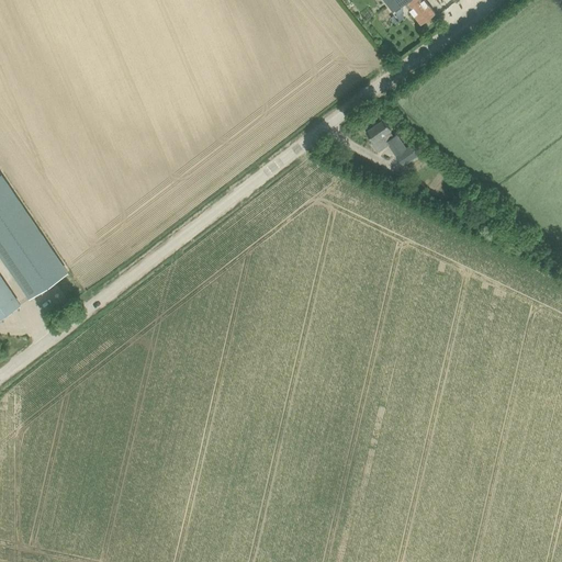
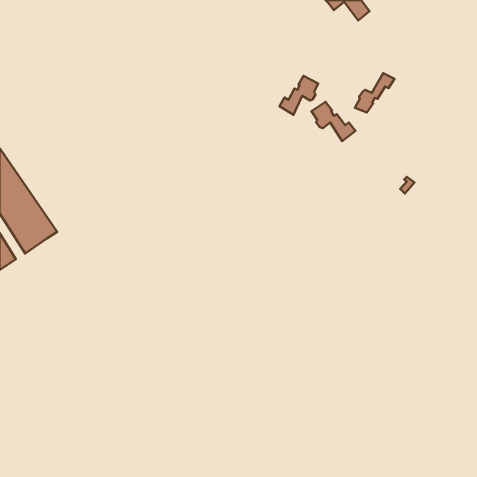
building: none -> [355,73,395,113]
building: none -> [279,76,318,115]

